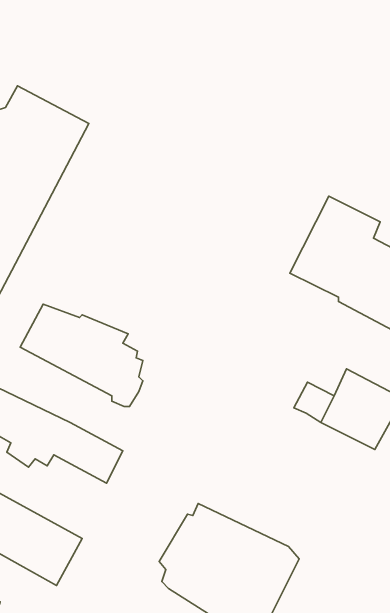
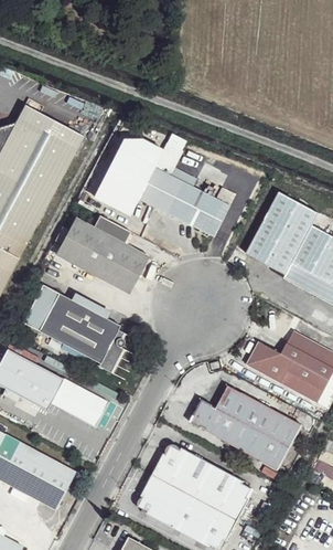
building: none -> [94,139,236,240]
building: none -> [52,213,150,296]
building: none -> [190,385,303,472]

